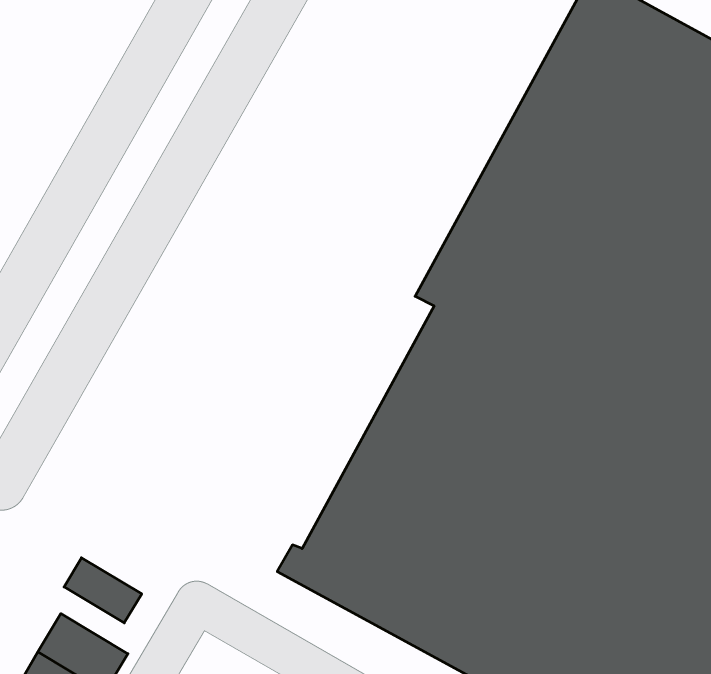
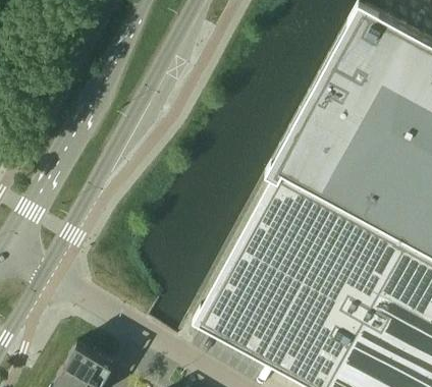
building: [64,558,142,623] -> none

